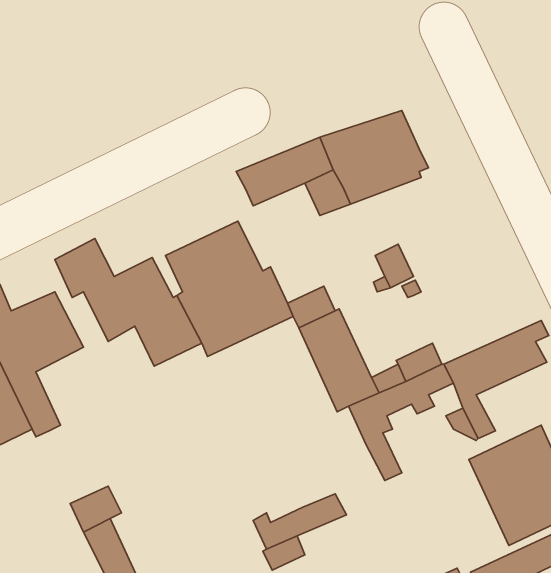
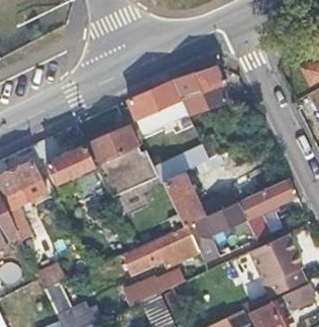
building: none -> [120,223,196,277]

